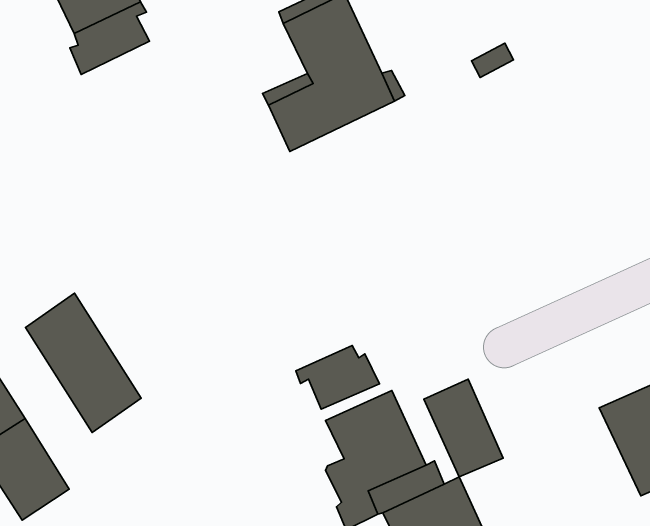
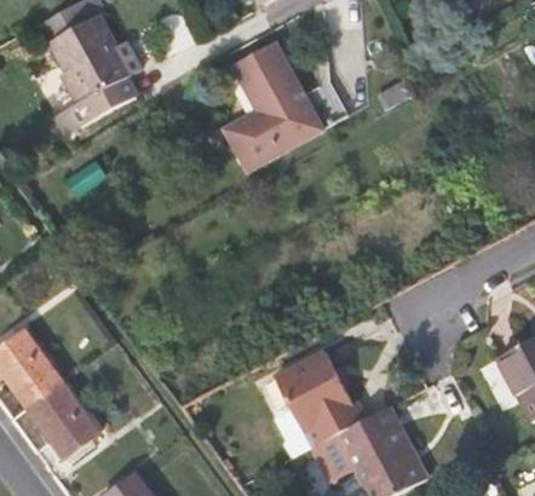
building: [25,293,141,432] -> none
building: [296,345,379,409] -> none
building: [424,379,503,477] -> none

